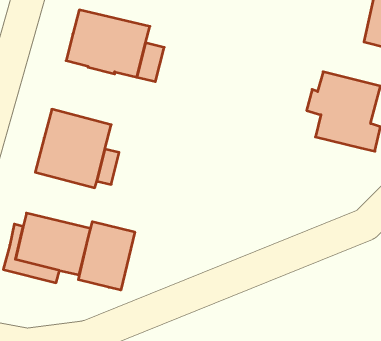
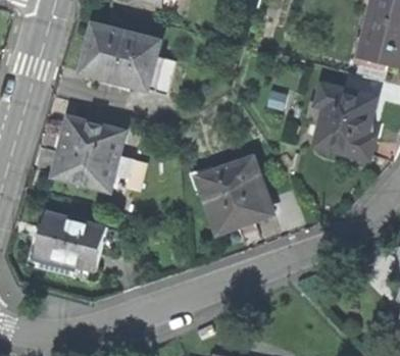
building: none -> [191,156,273,233]
building: [78,222,135,290] -> none

